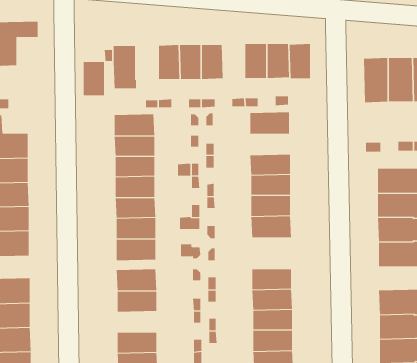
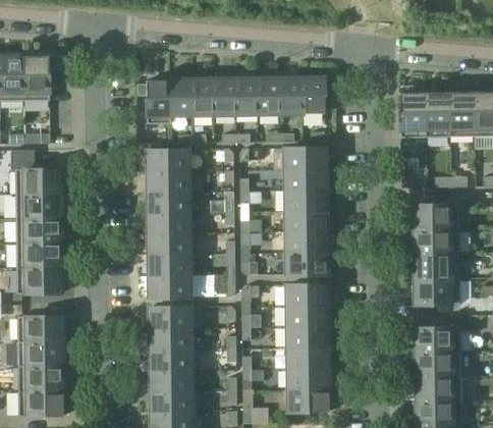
building: [289,44,311,79] -> [257,77,279,113]
building: [83,62,105,96] -> [169,79,191,114]
building: none -> [284,169,326,191]
building: none -> [286,283,327,306]
building: none -> [150,349,190,370]

